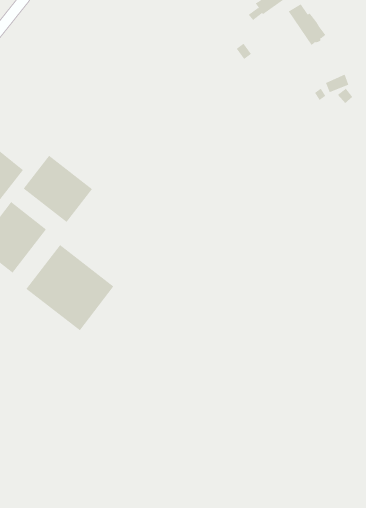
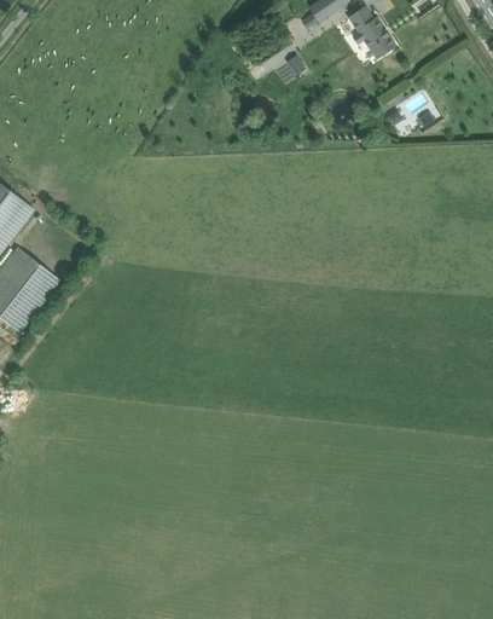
building: [23,155,93,223] -> none
building: [26,244,114,331] -> none

